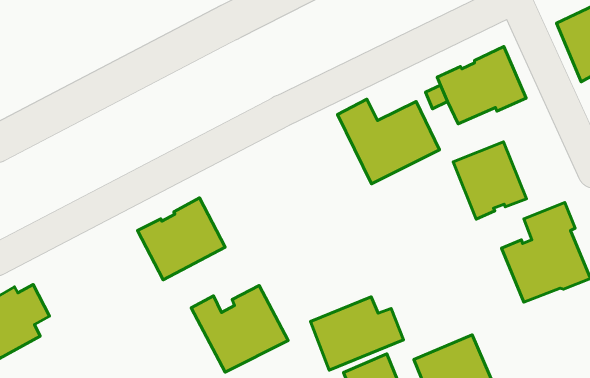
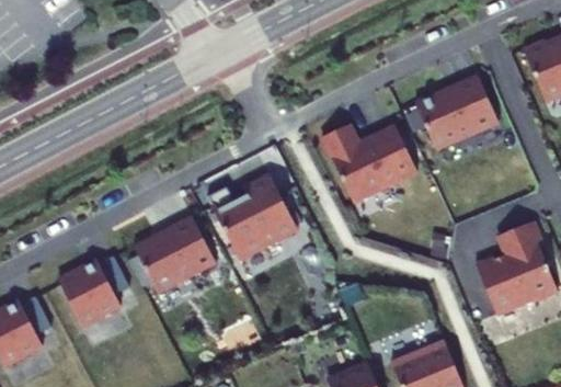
building: [453,142,526,219] -> none
building: none -> [57,255,128,325]
building: [191,285,288,372] -> [205,175,296,257]
building: [311,297,404,370] -> none

